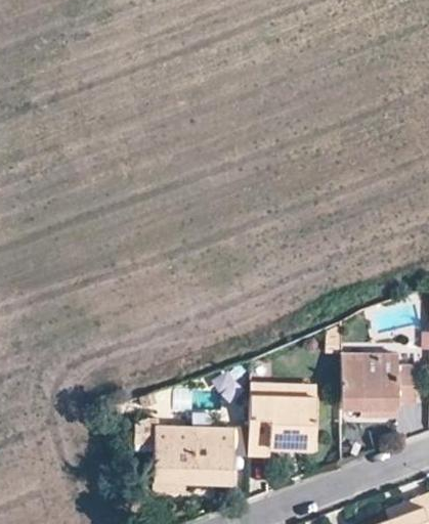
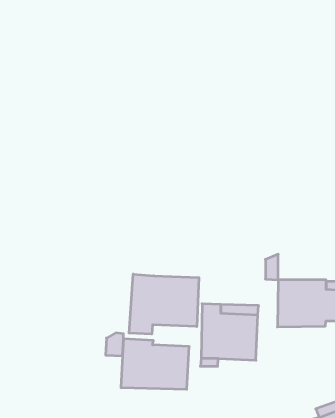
building: none -> [129,274,199,334]

